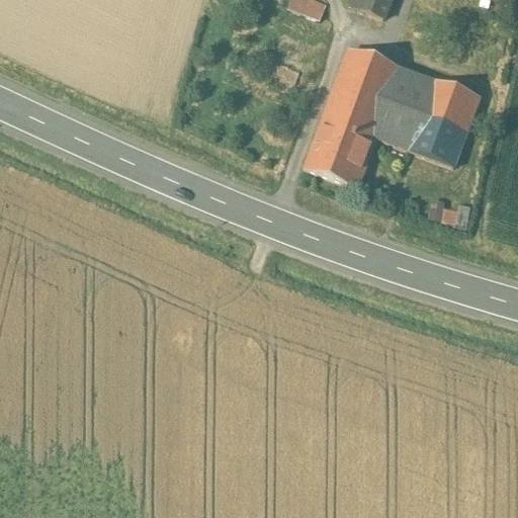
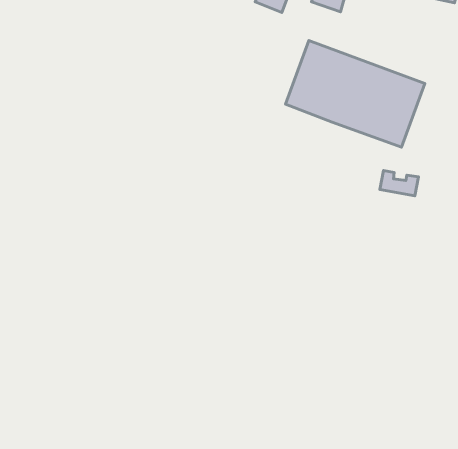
building: [305,117,374,184] -> none

